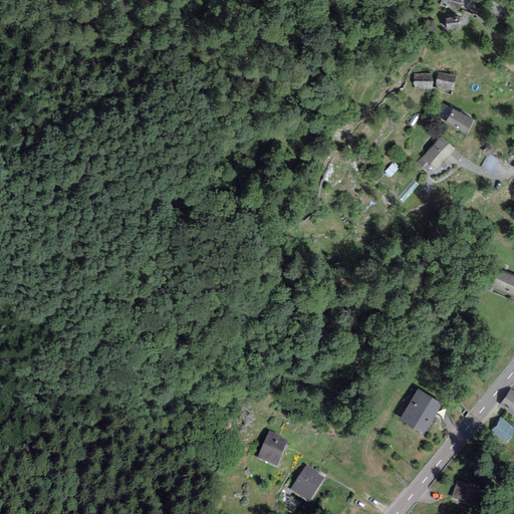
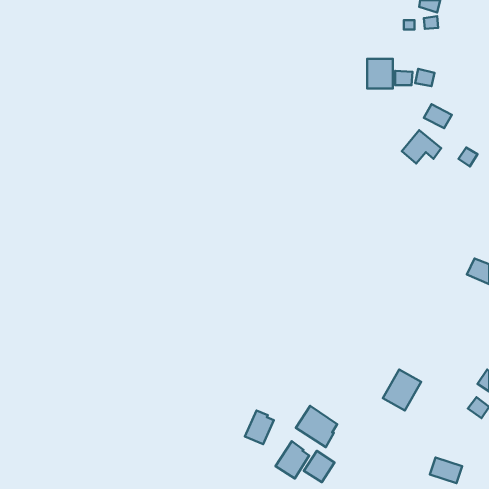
building: none -> [367,59,393,88]
building: none -> [296,406,337,447]
building: none -> [304,451,335,482]

